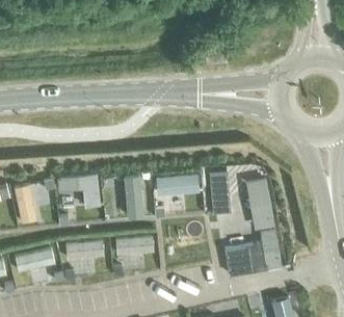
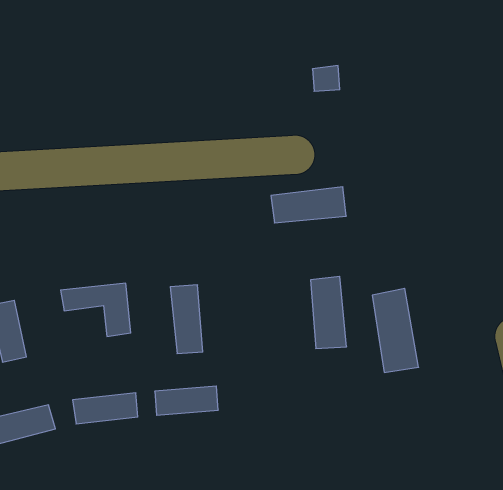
building: [153,174,199,195] -> [271,187,346,223]
building: [224,229,282,278] -> none

